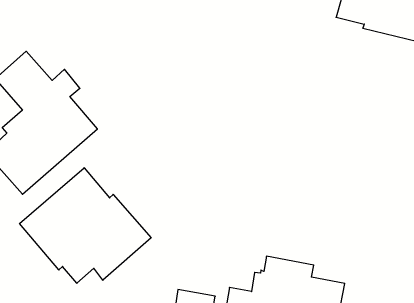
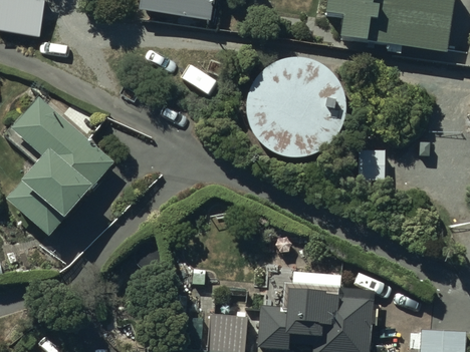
building: none -> [244,59,343,160]
building: [20,168,151,283] -> none

